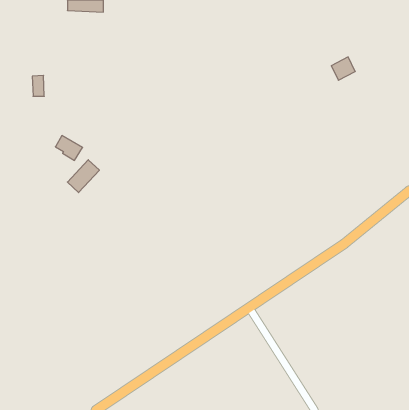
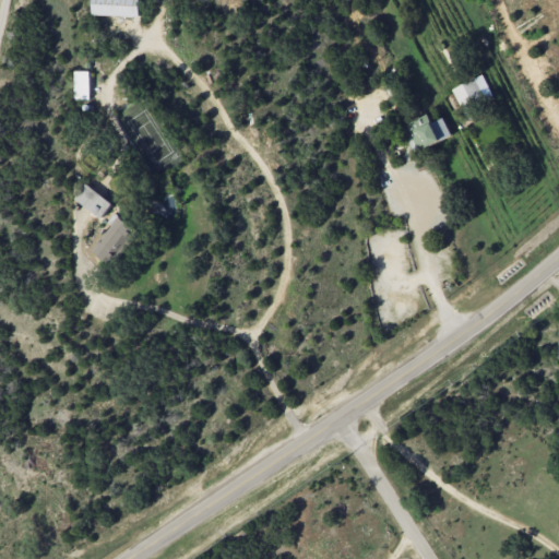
building: [32,75,44,96] -> [73,71,90,99]
building: none -> [404,114,452,152]

